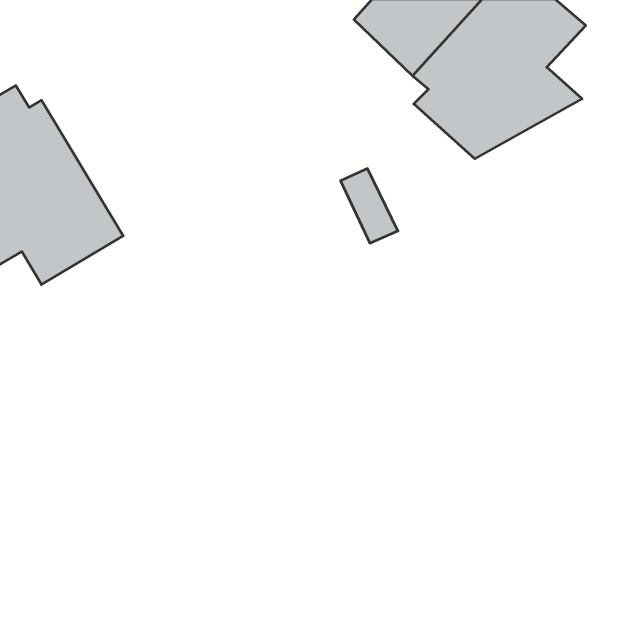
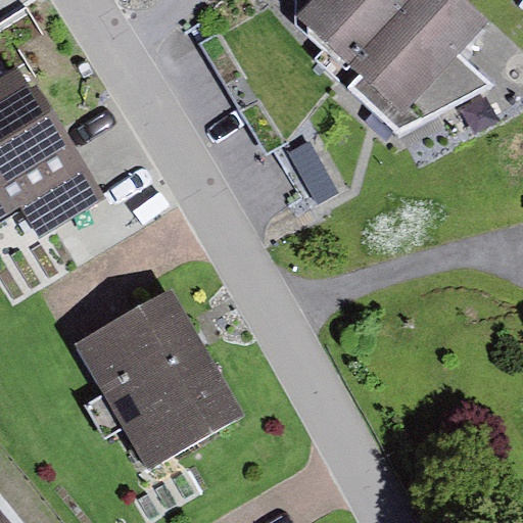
building: none -> [75,288,241,468]

